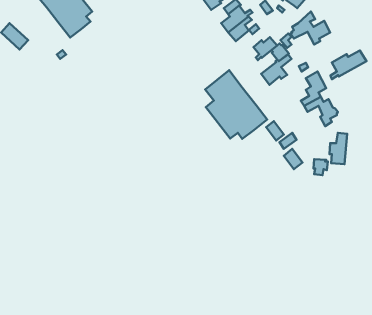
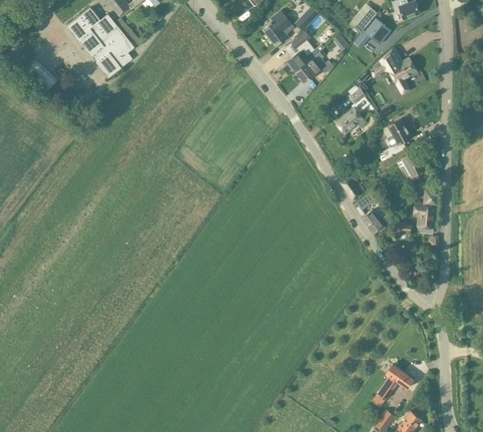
building: [253,37,277,60] -> none
building: [331,51,366,79] -> none
building: [205,70,267,139] -> none
building: none -> [378,365,414,400]

